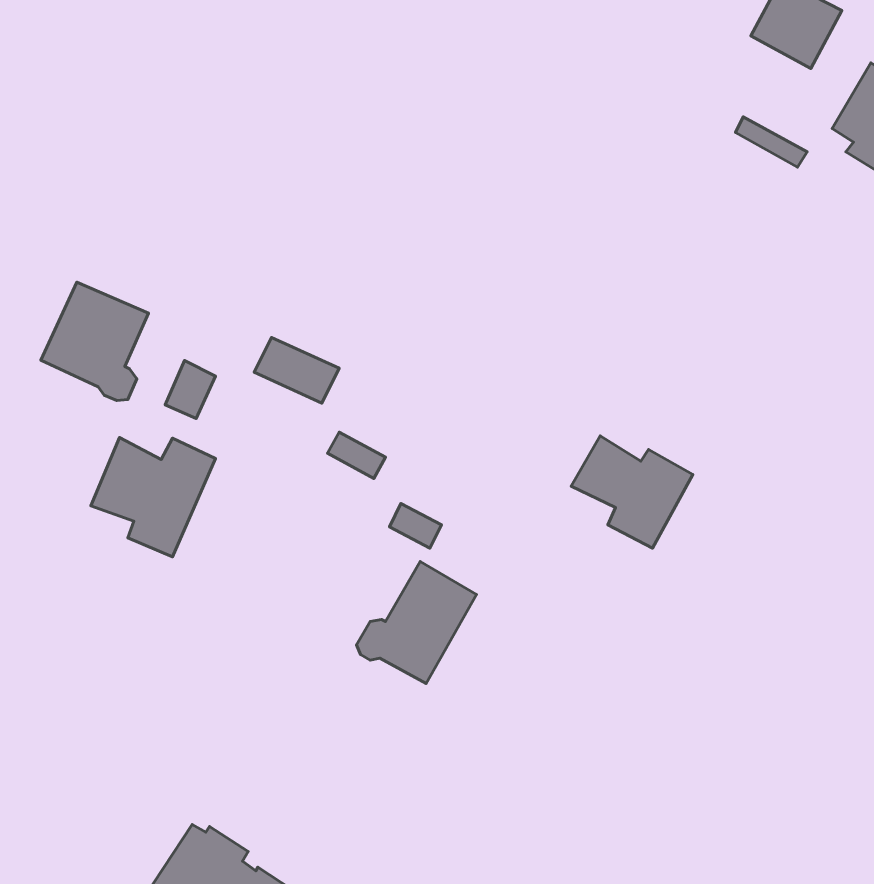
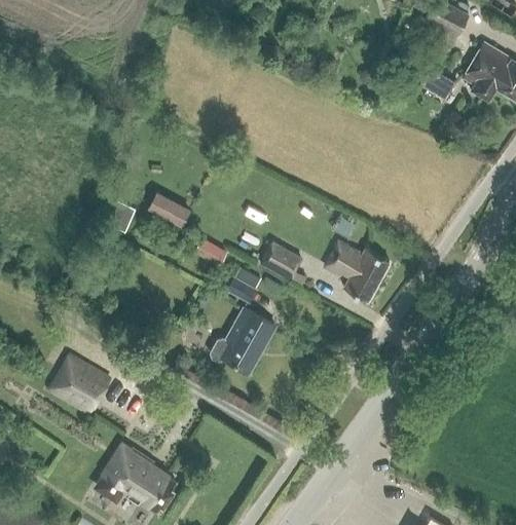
building: [41,282,148,401] -> none
building: none -> [260,239,304,282]
building: [91,437,216,557] -> none
building: none -> [50,354,111,414]

